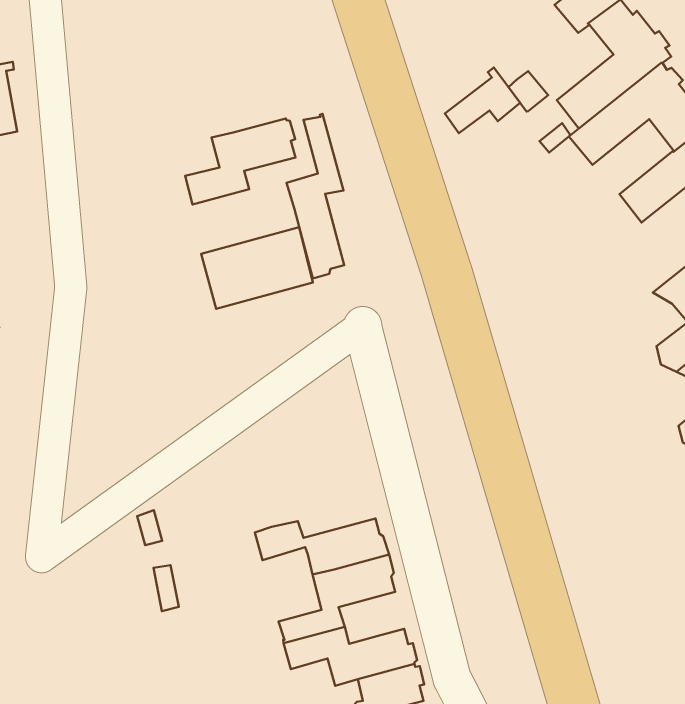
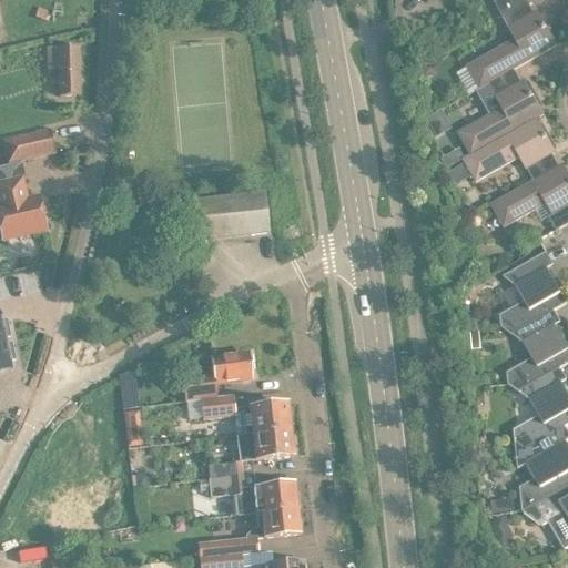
building: [445,67,520,133] -> none
building: [287,114,344,279] -> none
building: [185,119,296,205] -> none
building: none -> [182,352,252,400]

